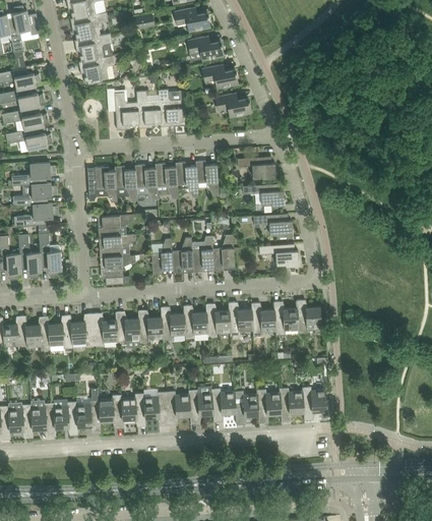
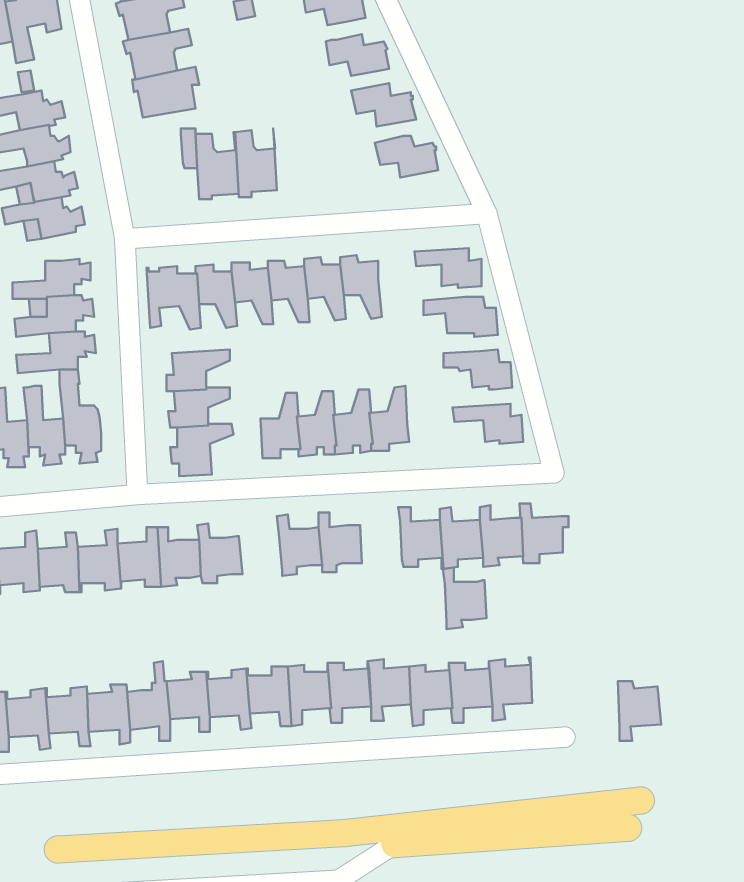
building: [158,89,182,126] -> none
building: [205,302,230,337] -> [443,567,486,629]
building: [137,309,163,343] -> none
building: [302,386,326,419] -> [618,681,661,741]

